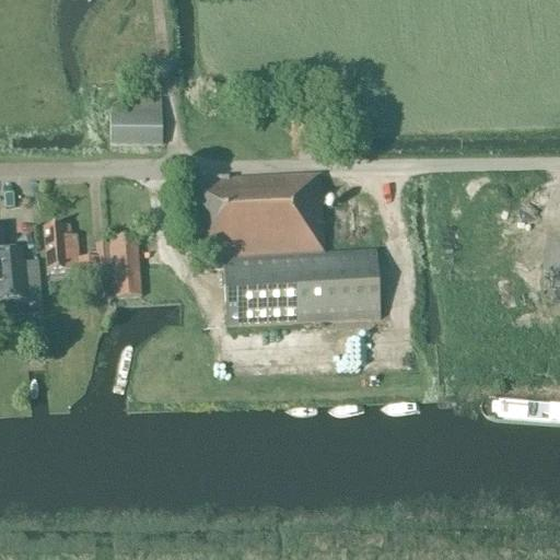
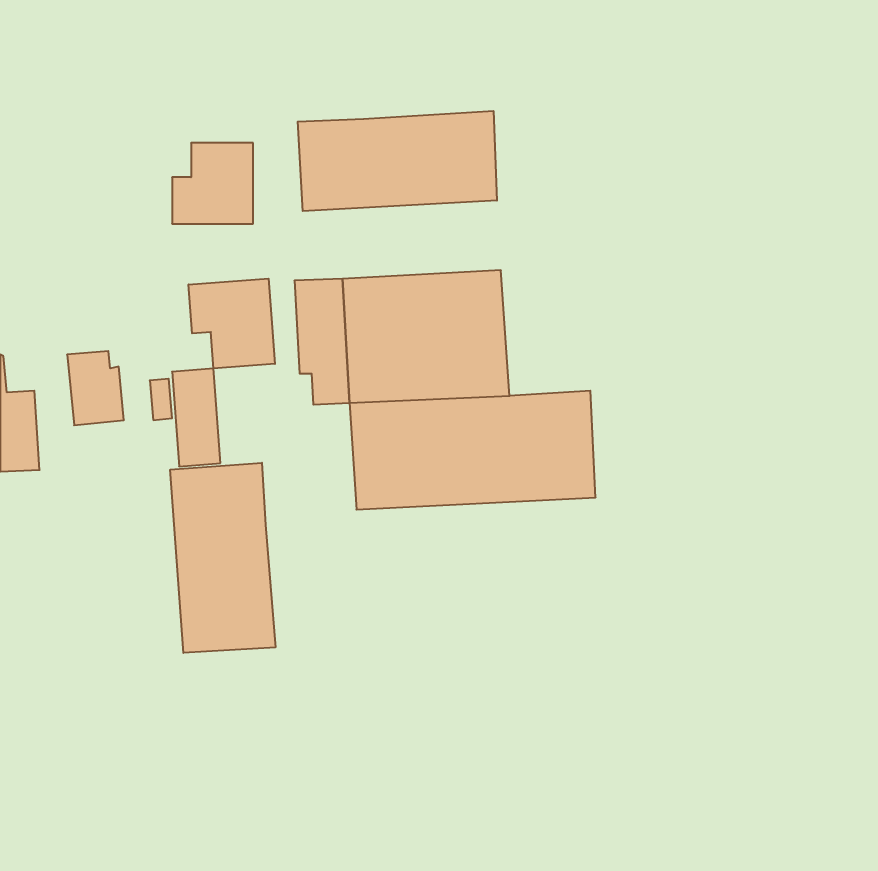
building: none -> [298,111,497,211]
building: none -> [189,279,275,368]
building: none -> [170,463,275,653]

